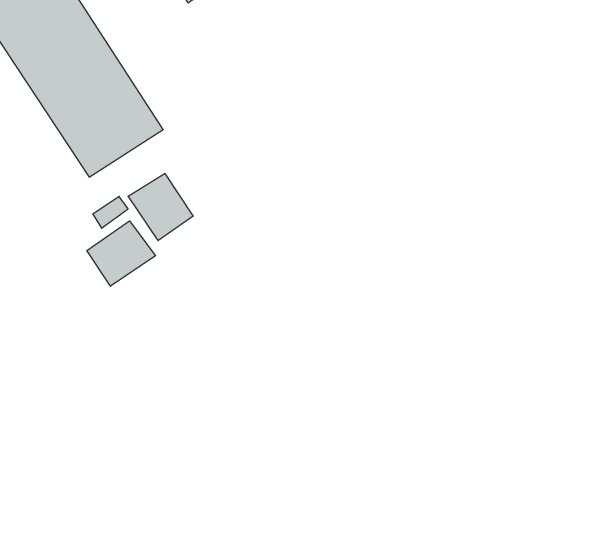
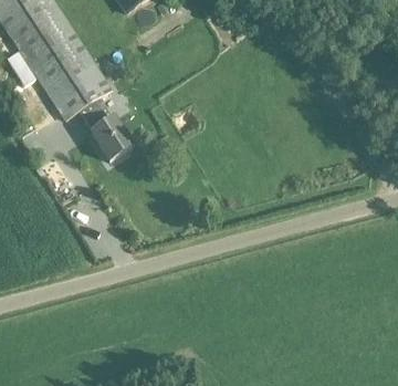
building: [87,221,156,286] -> none

